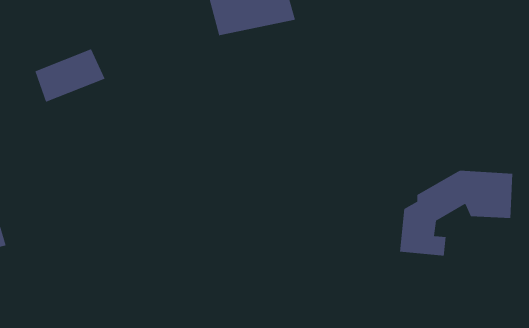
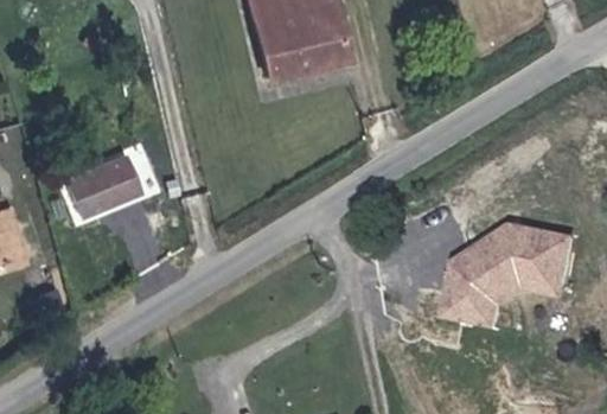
building: [35,49,106,102] -> [59,155,138,215]
building: none -> [501,262,586,298]

